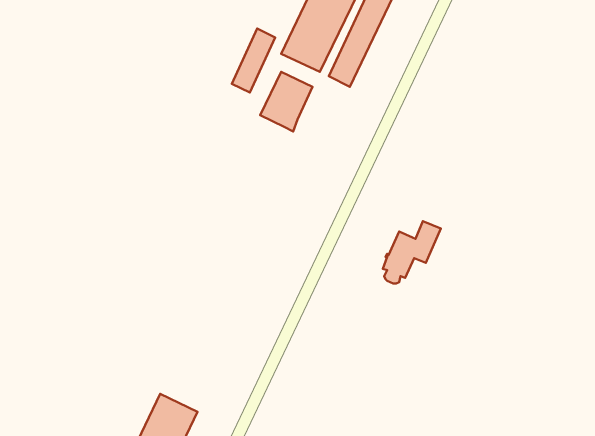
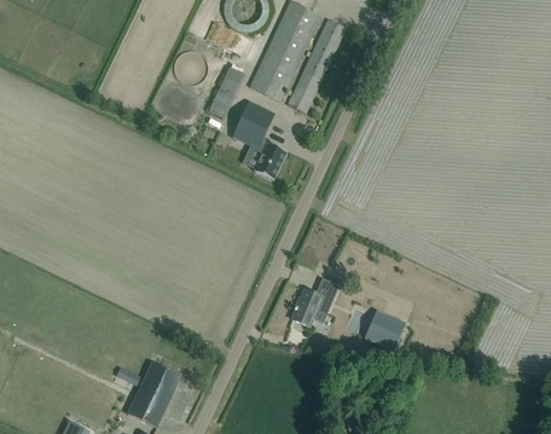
building: none -> [249,139,286,179]
building: [383,221,441,284] -> [291,279,338,330]
building: none -> [365,309,406,351]

